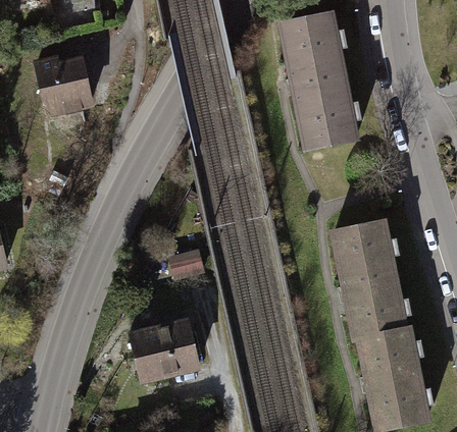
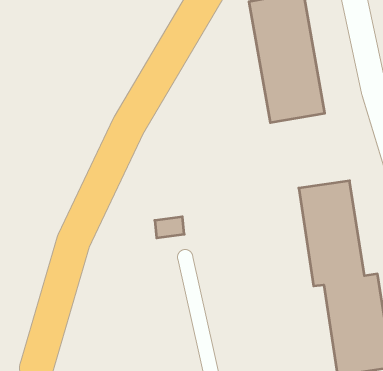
building: [36,55,93,118] -> none
building: [129,320,199,384] -> none

